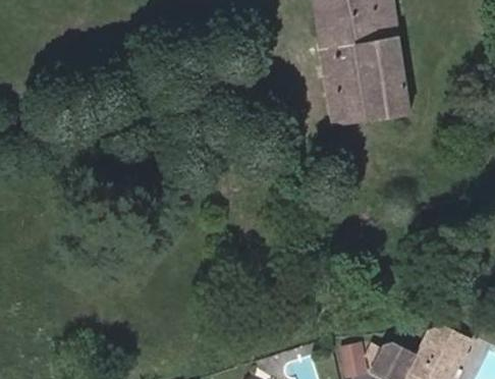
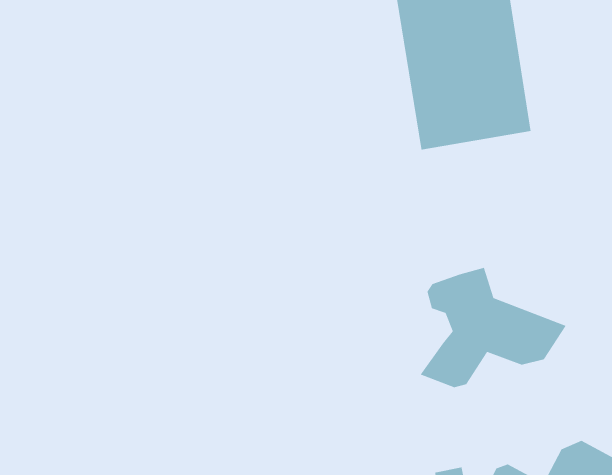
building: none -> [419,267,567,388]

